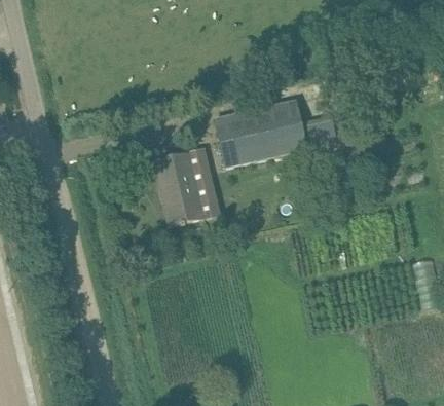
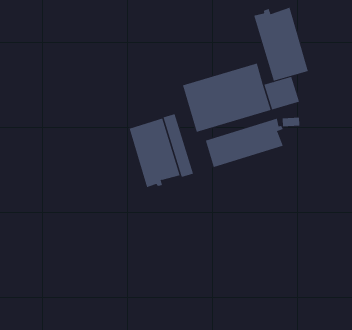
building: none -> [254,7,309,82]
building: none -> [205,118,283,168]

